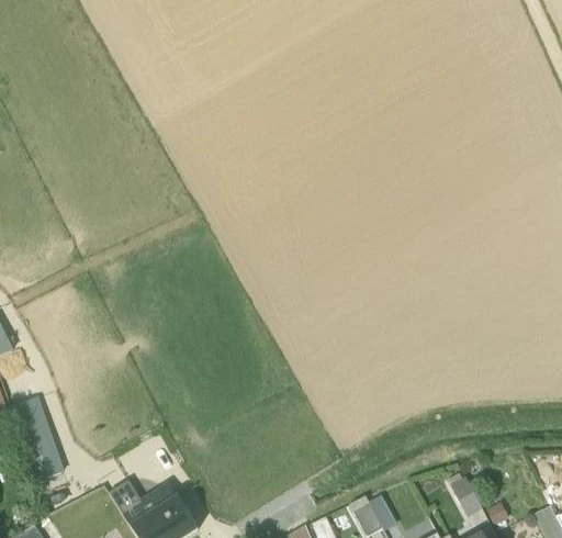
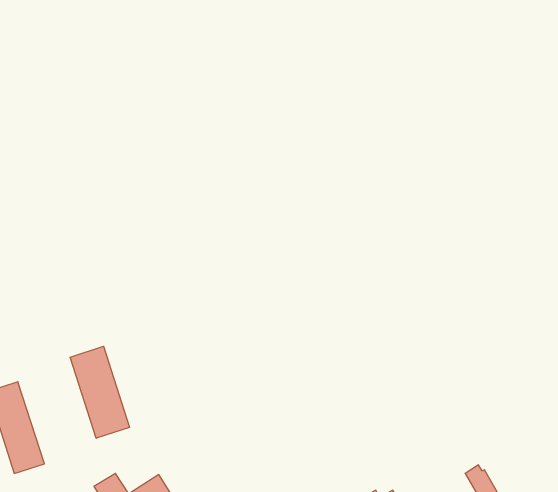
building: none -> [70,346,130,438]

